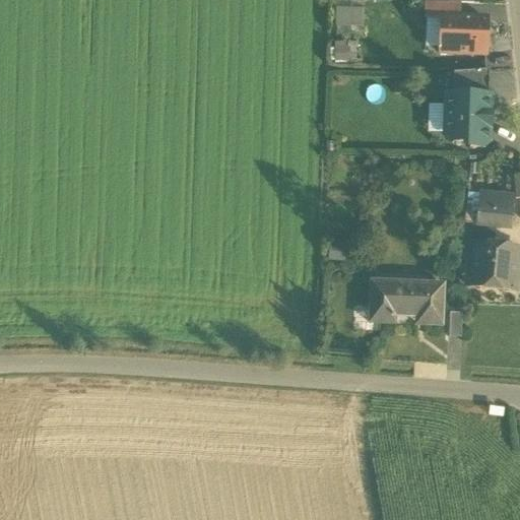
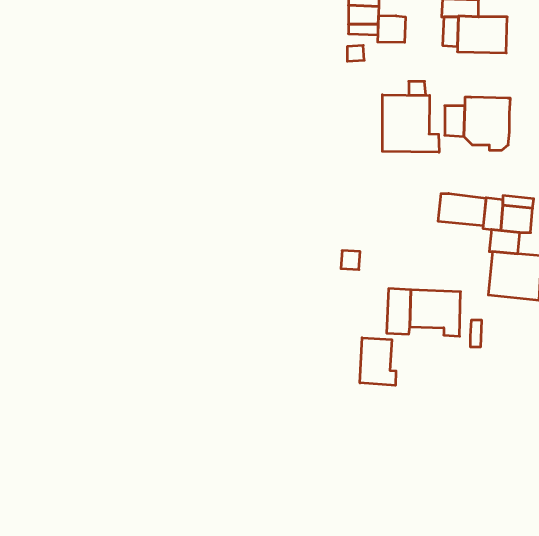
building: none -> [378,16,405,42]
building: [454,67,491,94] -> none
building: none -> [382,95,439,152]
building: none -> [438,193,486,226]
building: none -> [360,338,396,385]

